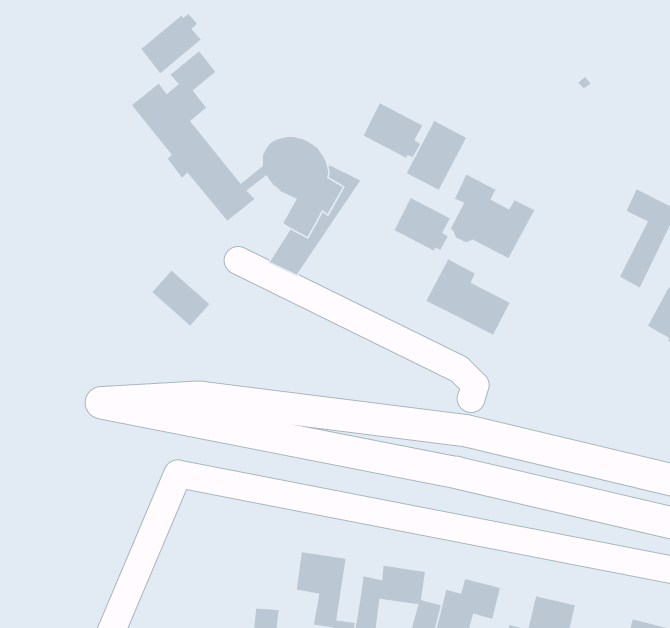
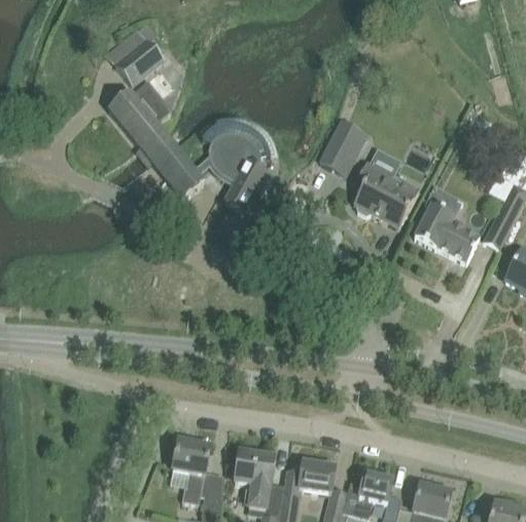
building: [363,102,423,159] -> none
building: [394,197,451,252] -> none
building: [425,258,511,336] -> [414,200,480,259]
building: [151,270,210,326] -> none
building: none -> [172,434,210,499]

